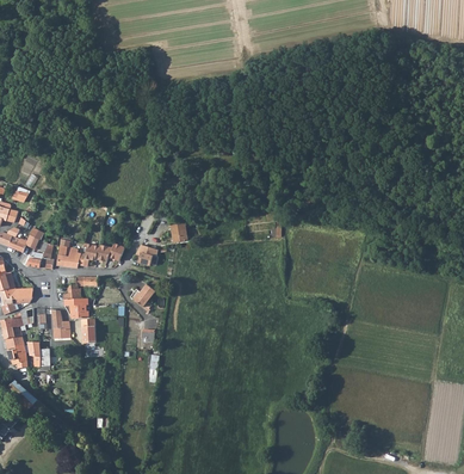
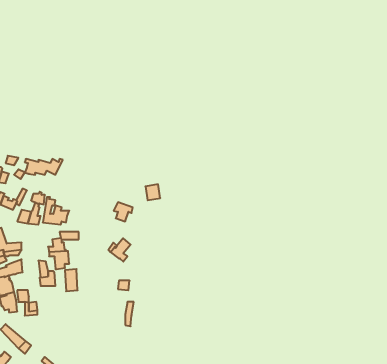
building: [83,242,126,260] -> [25,159,63,175]

